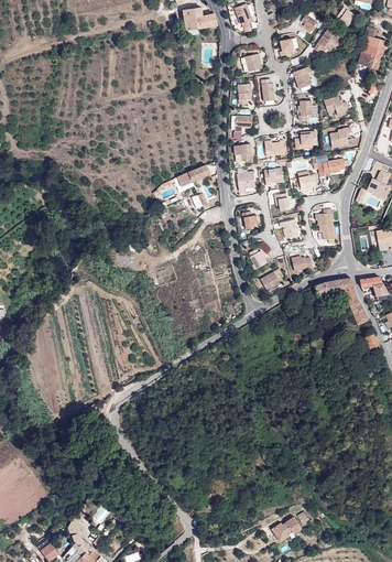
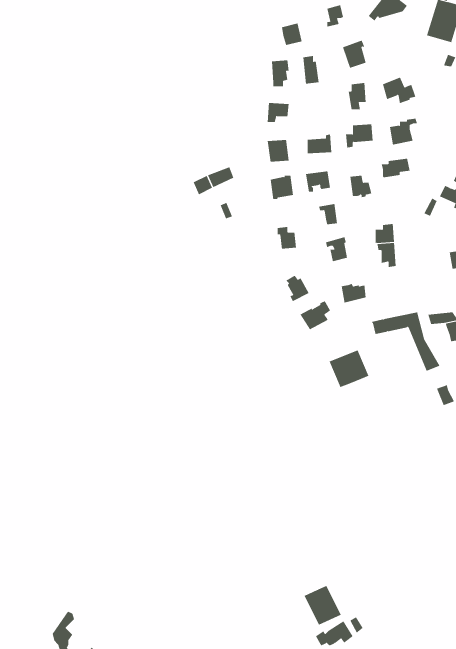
building: none -> [329,349,369,388]
building: none -> [304,585,341,626]

